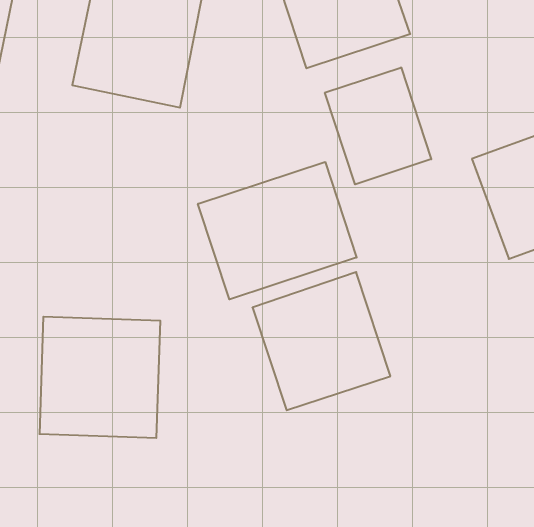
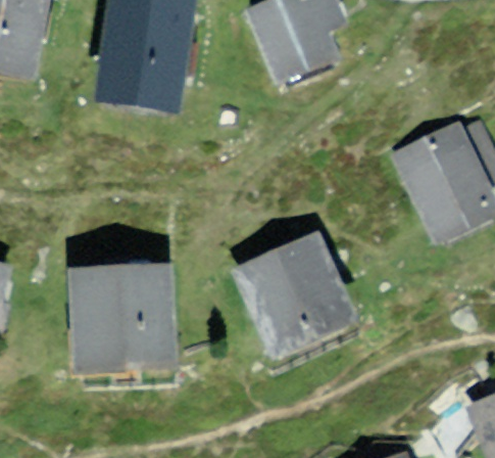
building: [325,67,431,184] -> none
building: [198,162,357,299] -> none

